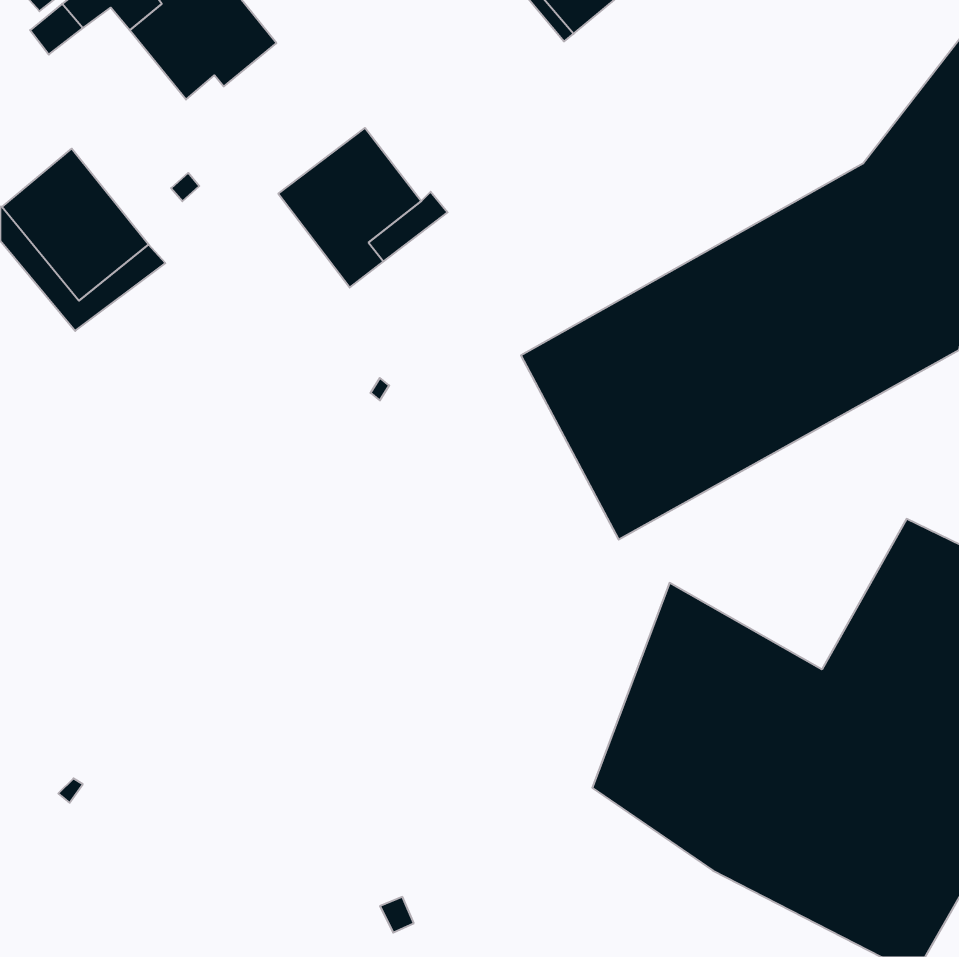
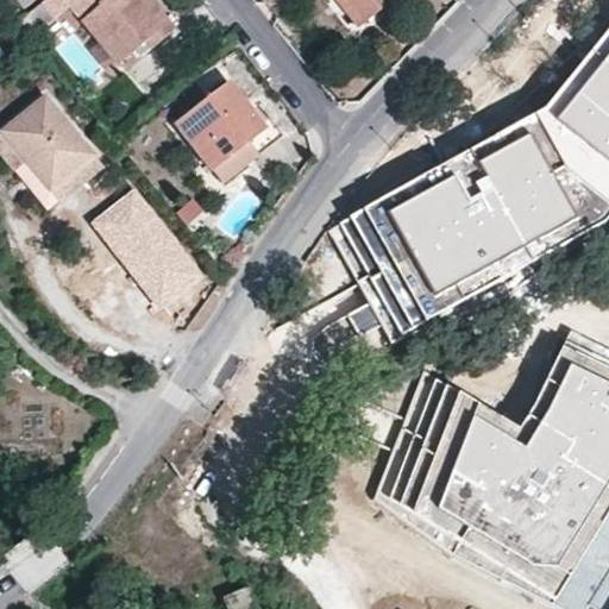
building: none -> [93,189,201,308]

